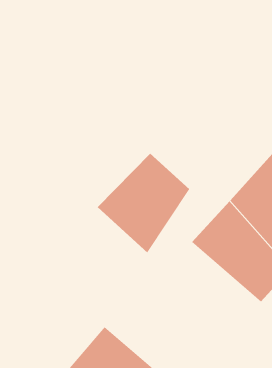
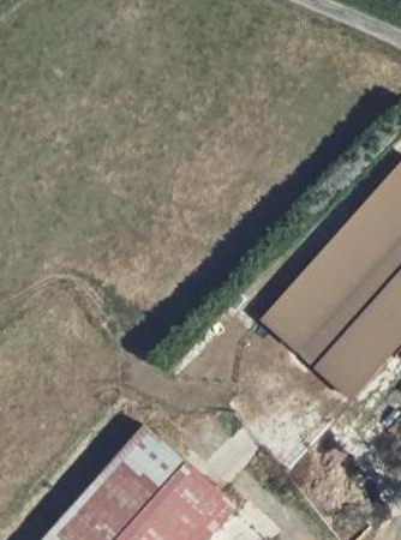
building: [97,153,190,254] -> none

